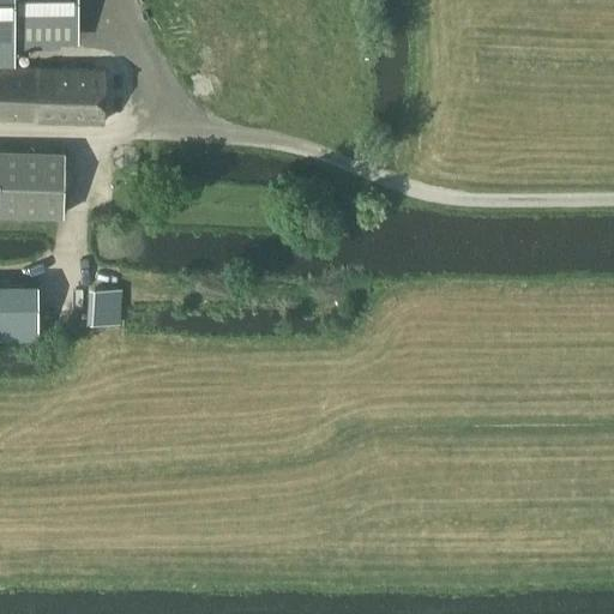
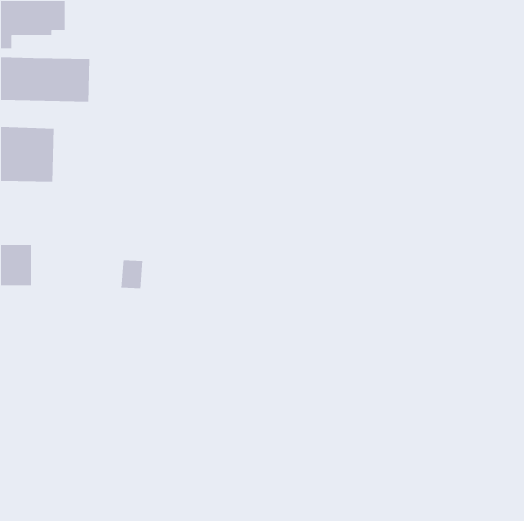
building: [94,291,120,326] -> [121,259,143,289]

